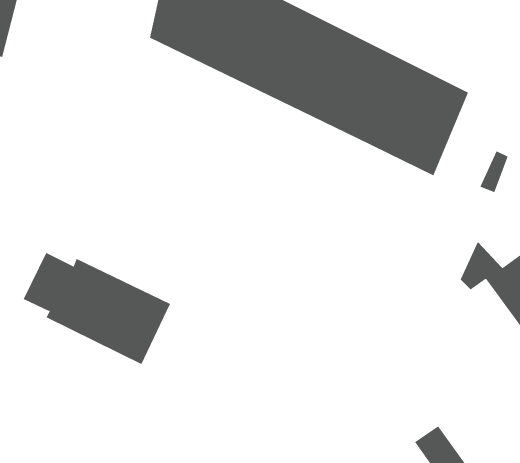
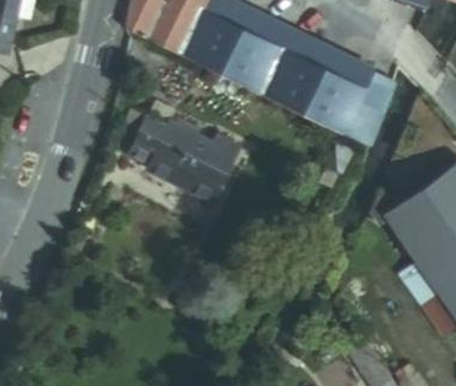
building: [23,252,171,365] -> [133,116,248,204]

